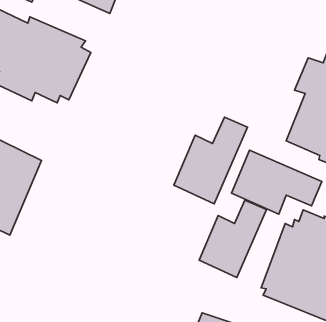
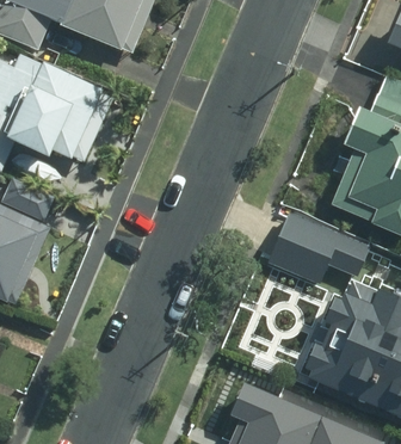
building: [174,117,248,204] -> none
building: [199,200,266,277] -> none

